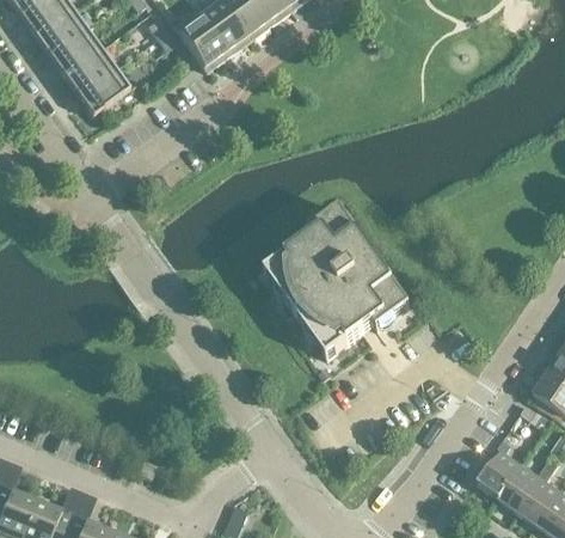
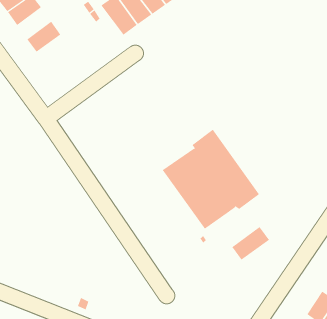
building: [49,26,100,74] -> none
building: [78,67,129,114] -> none
building: none -> [232,226,270,261]

